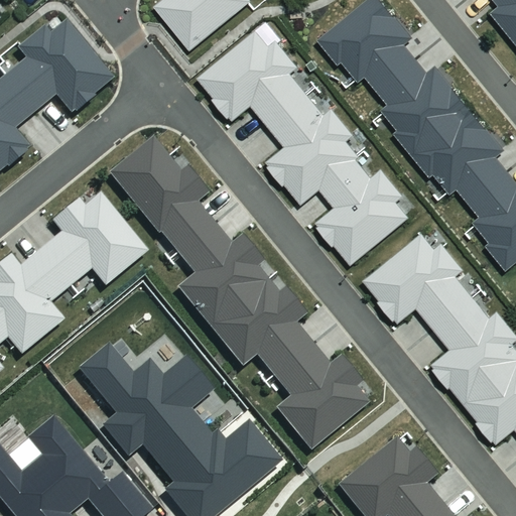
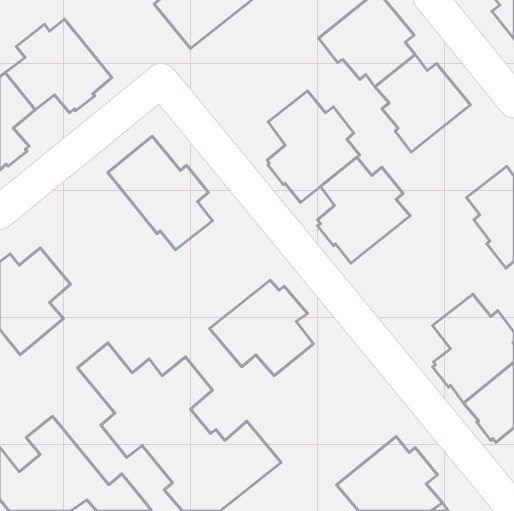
building: [198,28,307,122] -> none
building: [411,105,507,198] -> none
building: [40,192,148,286] -> none
building: [175,221,270,329] -> none
building: [365,232,473,326] -> none
building: [274,344,369,449] -> none

